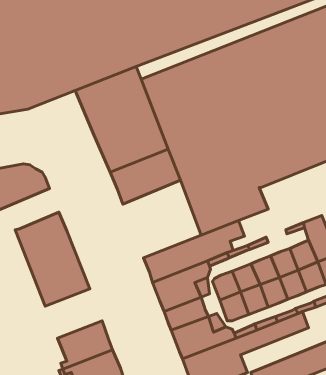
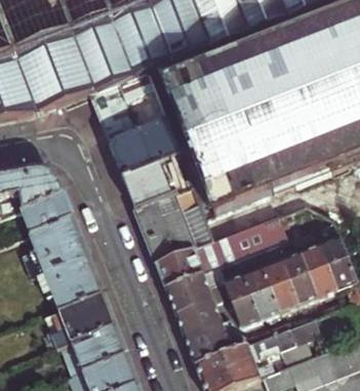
building: none -> [134,185,212,262]
building: none -> [23,193,71,233]
building: none -> [57,292,114,342]

